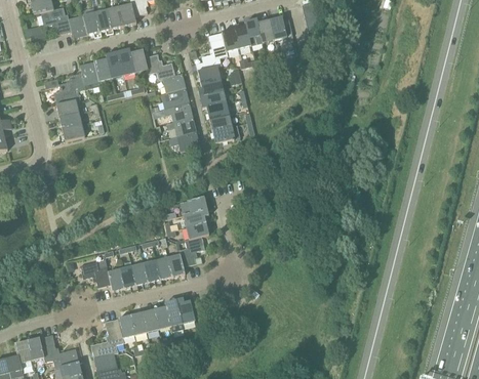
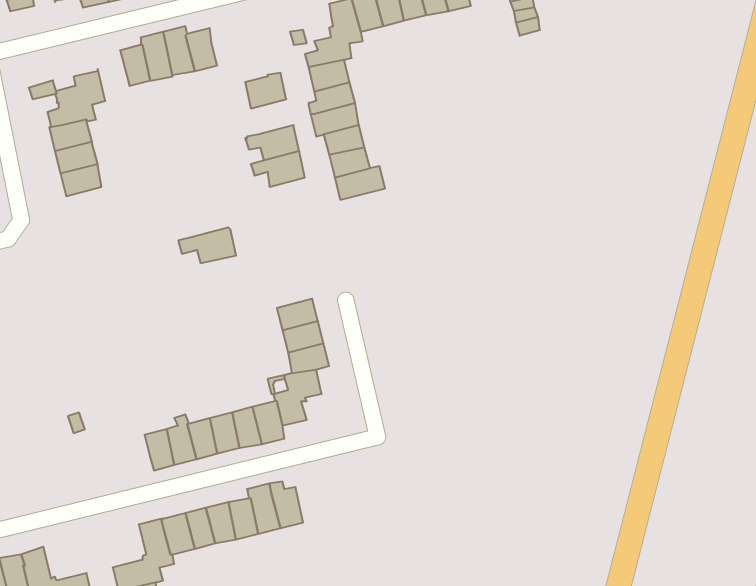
building: [145,52,175,79] -> none
building: [80,60,101,88] -> none
building: [161,87,190,108] -> none
building: [168,130,200,150] -> [178,228,236,263]
building: [80,260,111,287] -> none

